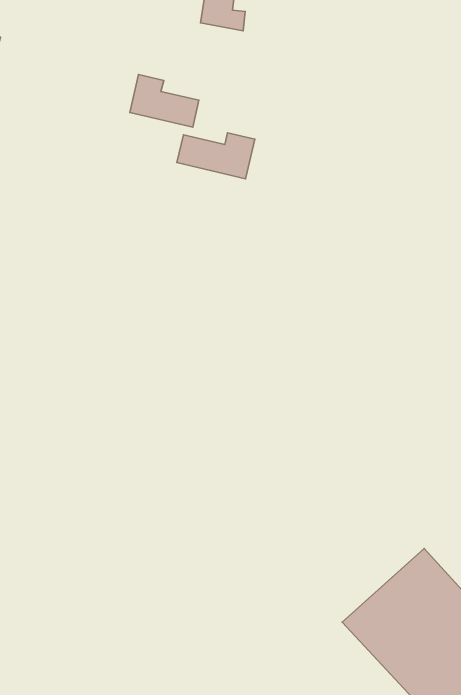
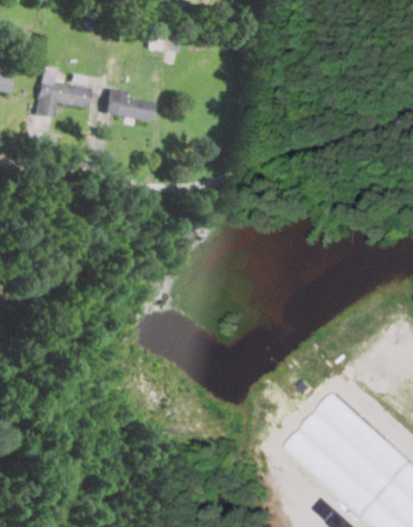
building: none -> [30,68,84,119]
building: [177,133,255,179] -> none

